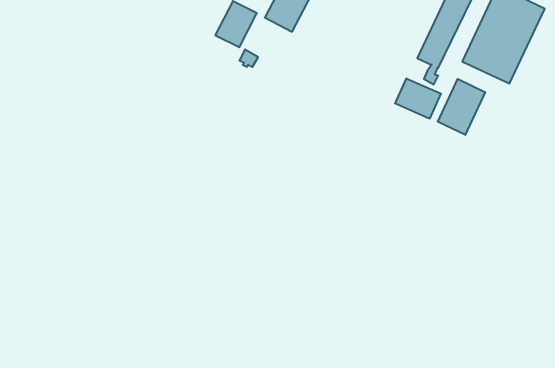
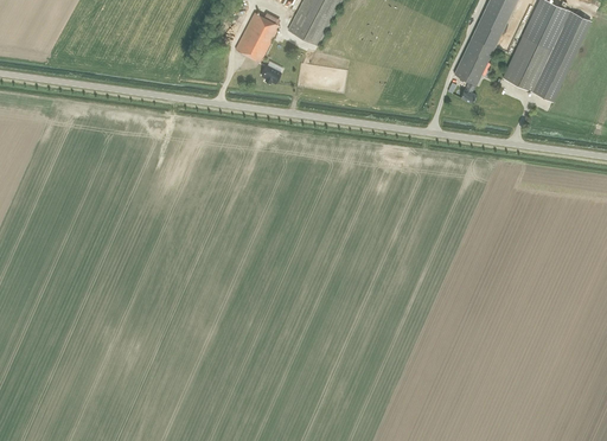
building: [395,78,441,119] -> none
building: [438,79,485,135] -> none

